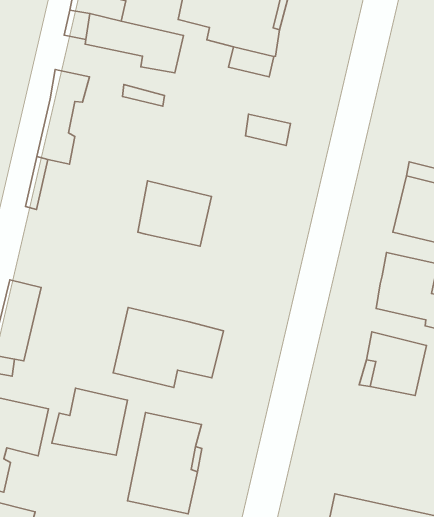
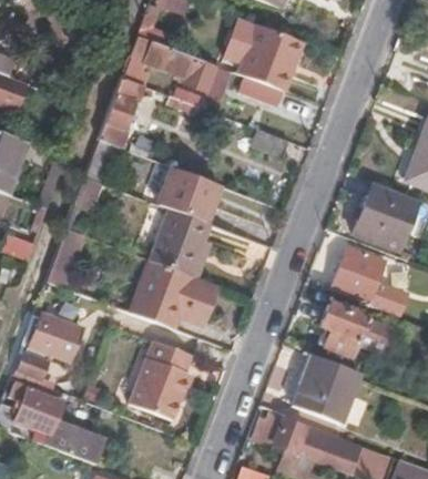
building: none -> [151,208,212,277]
building: [52,388,127,455] -> none
building: none -> [293,355,358,422]

